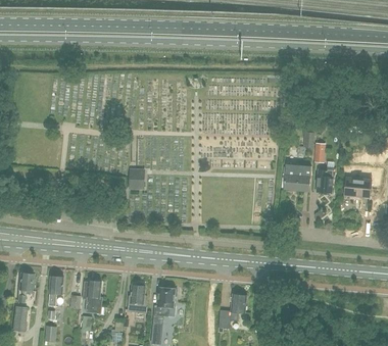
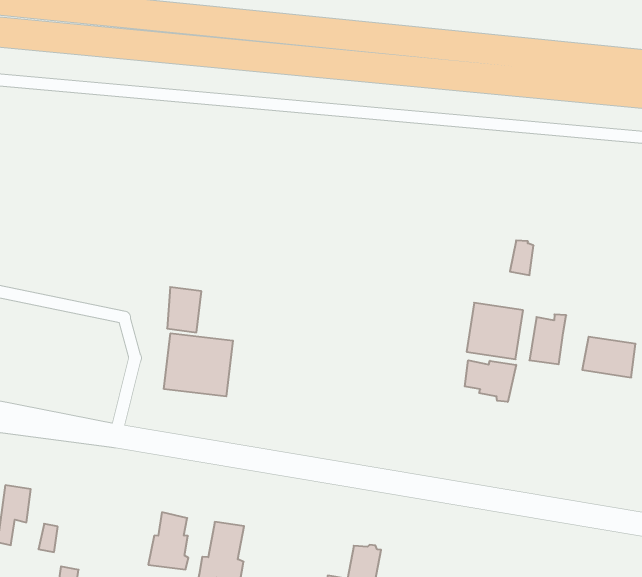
building: none -> [164,333,233,396]
building: none -> [465,360,516,402]
building: [83,280,102,313] -> none

